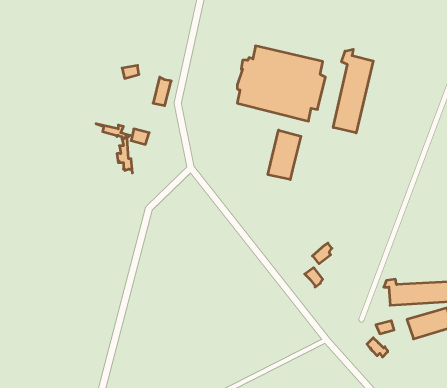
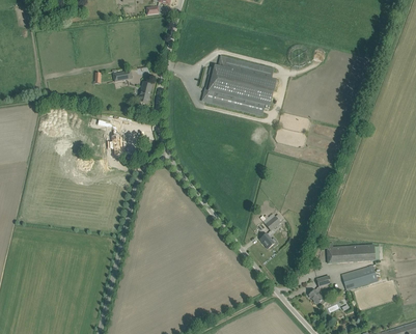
building: [333,49,373,133] -> none
building: [268,130,301,180] -> none

